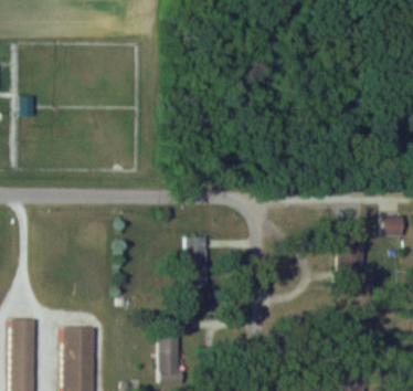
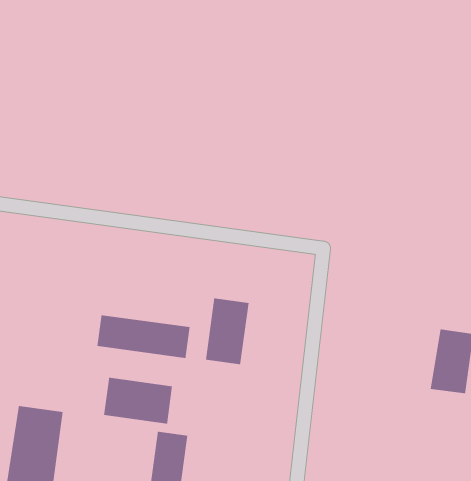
building: none -> [97,314,190,359]
building: none -> [104,377,173,424]

